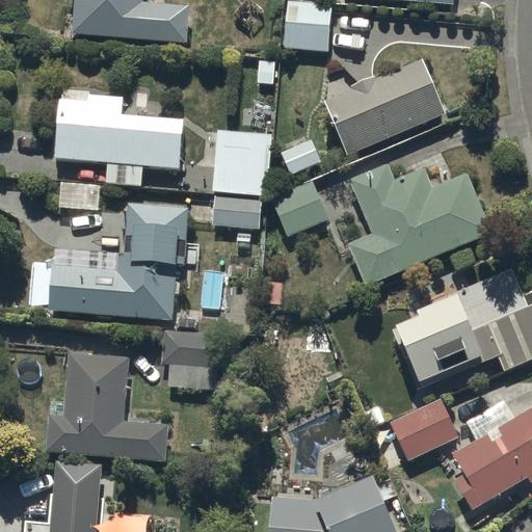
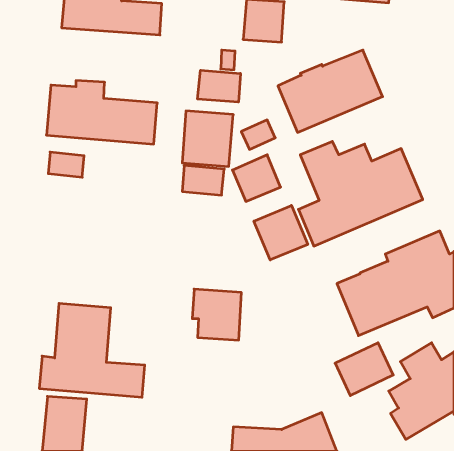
building: none -> [198,70,240,102]
building: [48,203,188,319] -> none
building: none -> [254,205,308,260]
building: [161,328,218,388] -> [192,289,241,340]

